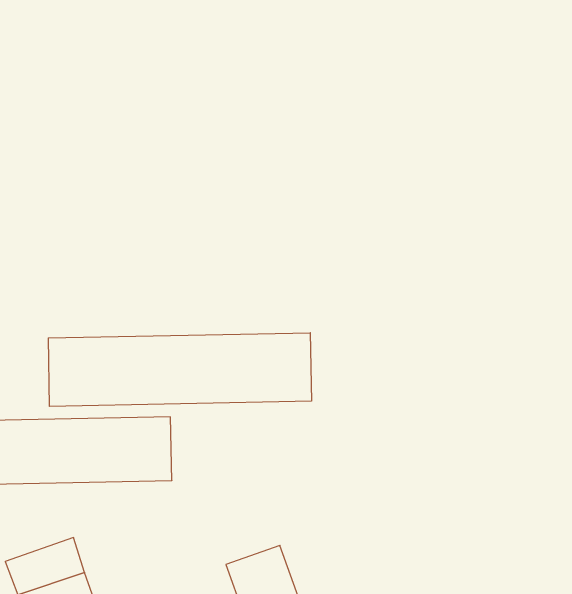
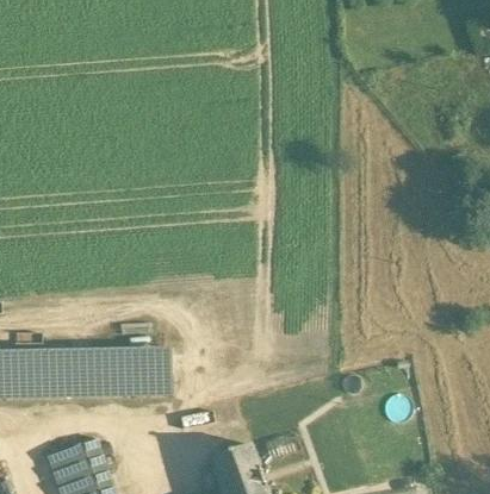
building: [48,333,311,406] -> none

